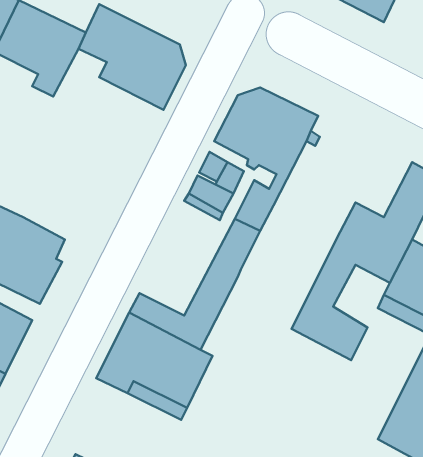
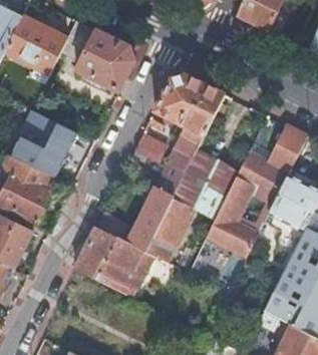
building: none -> [25,109,76,177]
building: none -> [172,154,236,222]
building: none -> [144,203,190,262]

